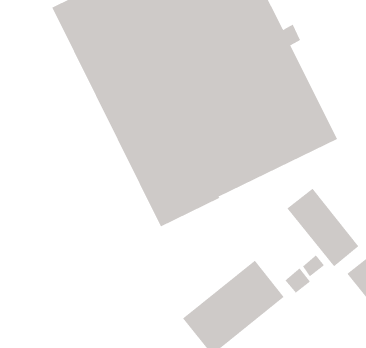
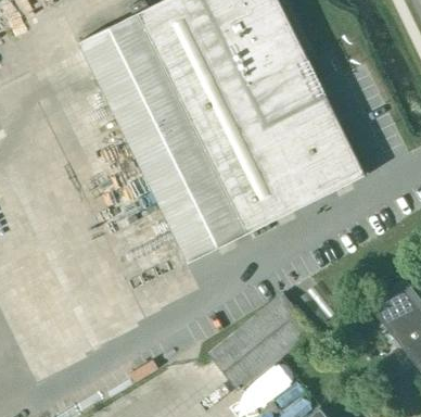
building: [286,188,359,267] -> none

